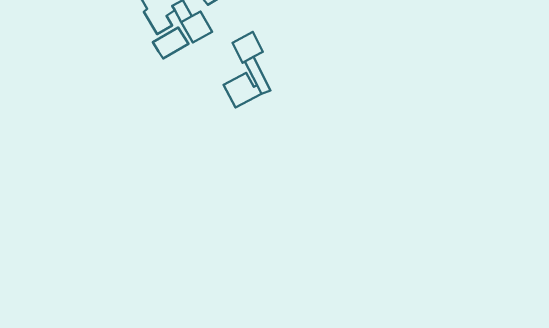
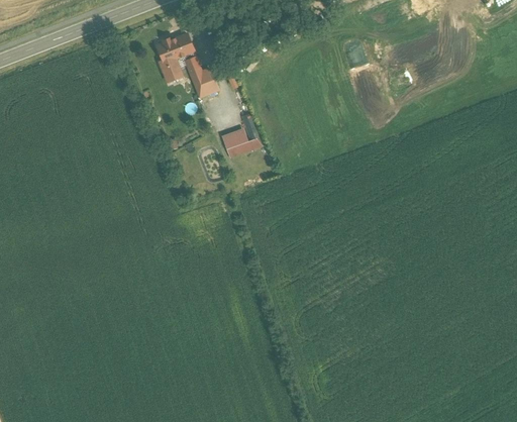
building: [153,28,189,58] -> none
building: [232,32,263,63] -> none

